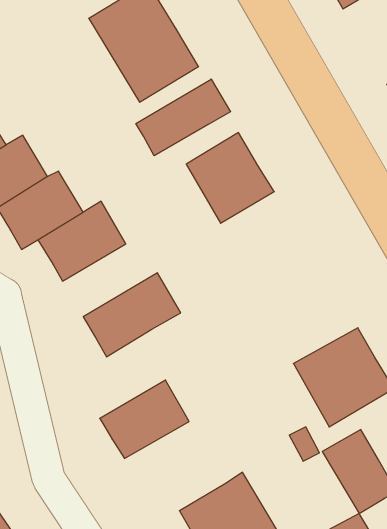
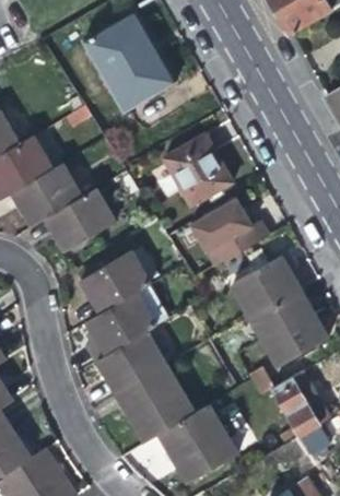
building: [136,79,231,156] -> none
building: none -> [187,196,268,269]
building: none -> [231,249,301,317]
building: none -> [85,290,157,361]
building: none -> [115,363,196,442]

